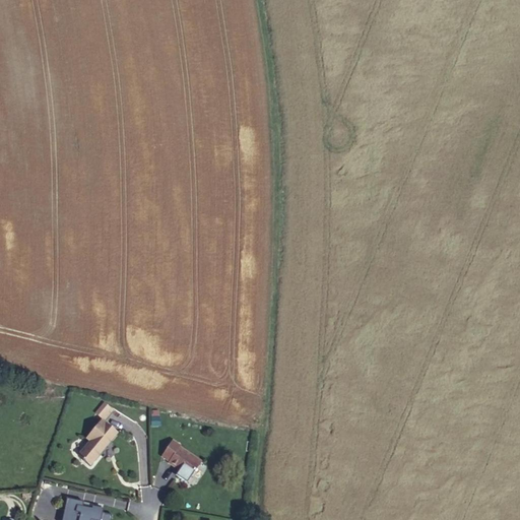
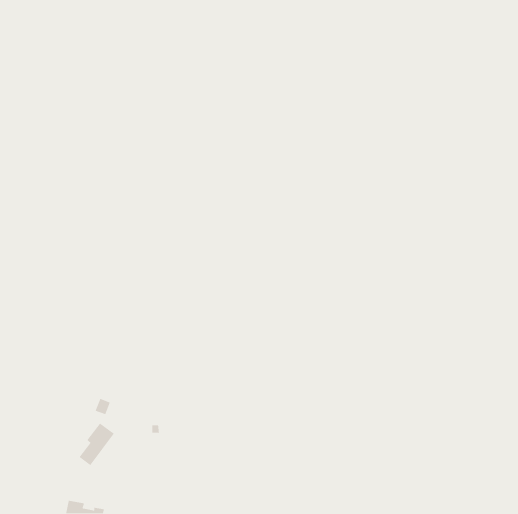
building: [162,441,203,477] -> none

